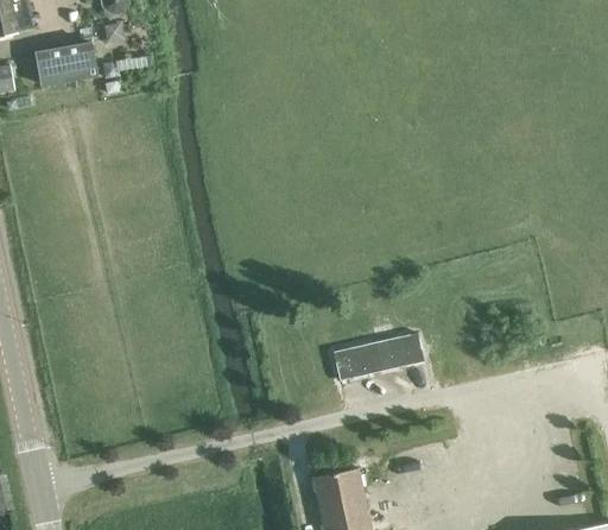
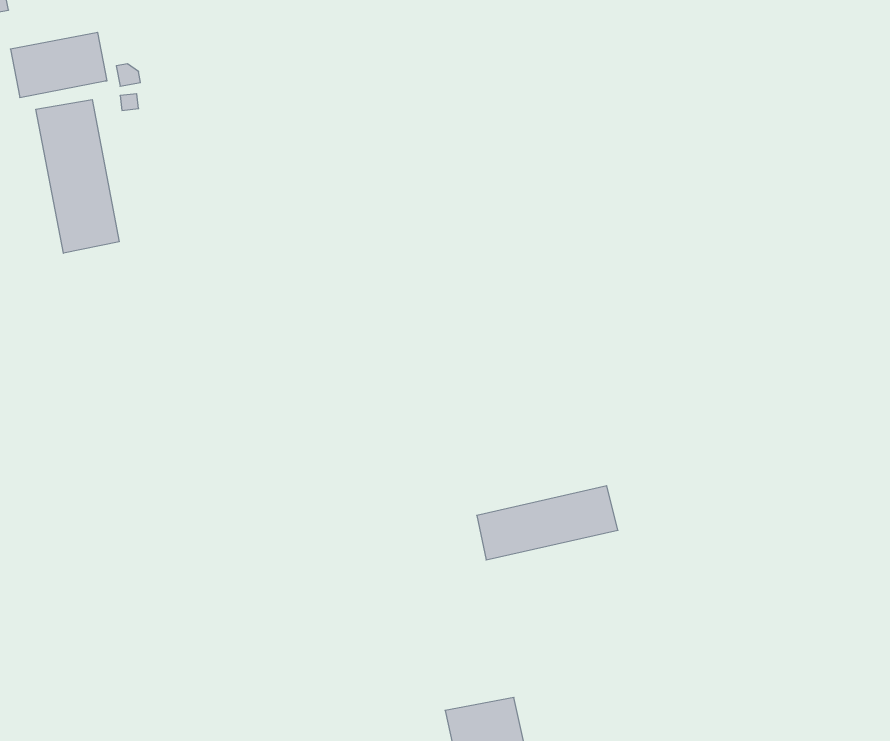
building: none -> [36,100,119,253]

